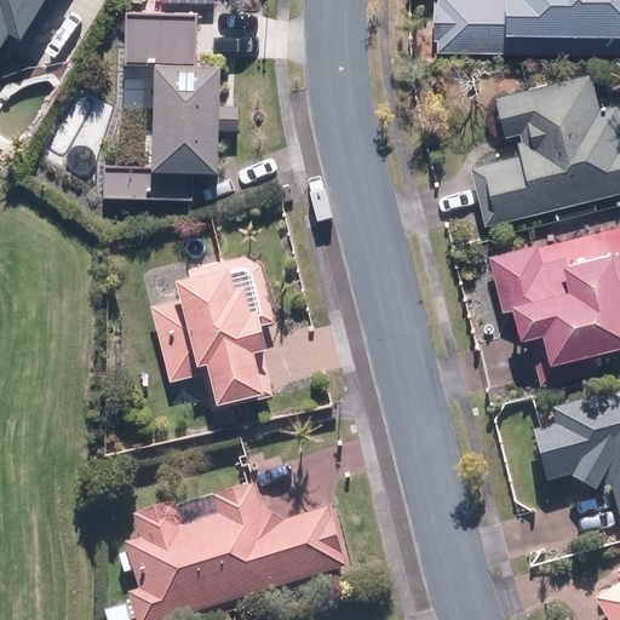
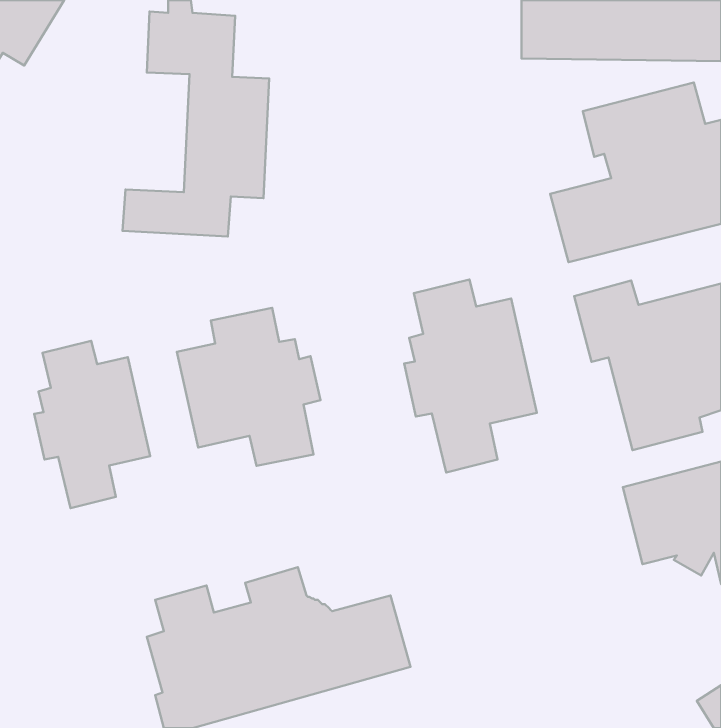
building: none -> [404,280,537,473]
building: none -> [34,341,150,508]

